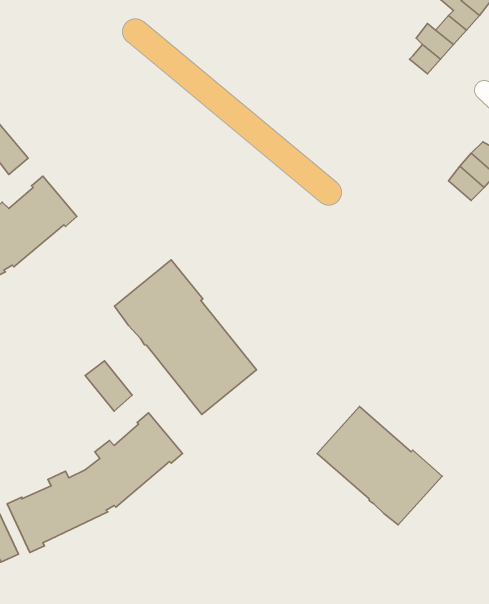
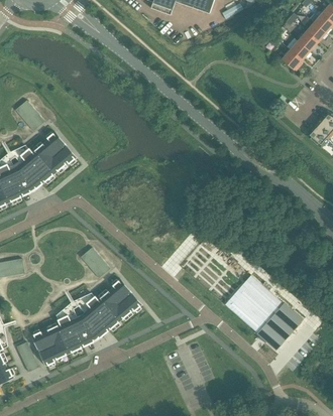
building: [115,260,256,414] -> none

